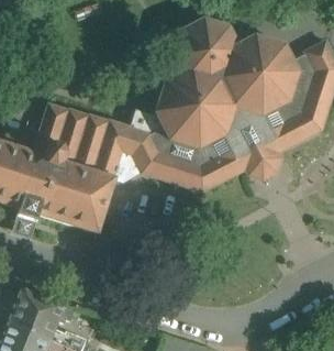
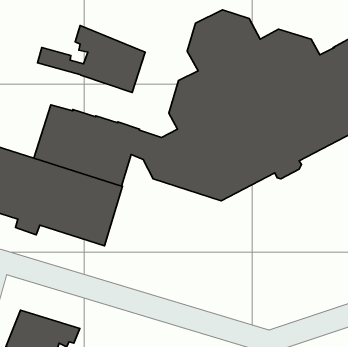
building: none -> [38,26,145,93]

